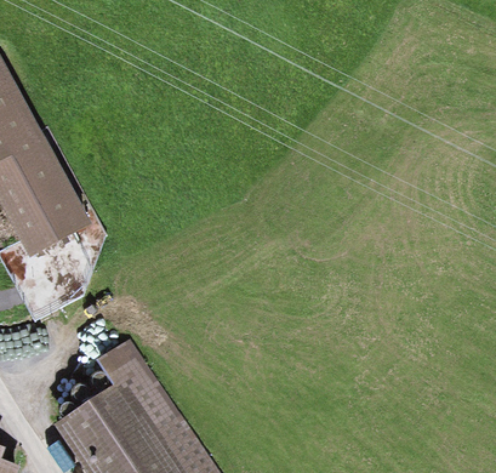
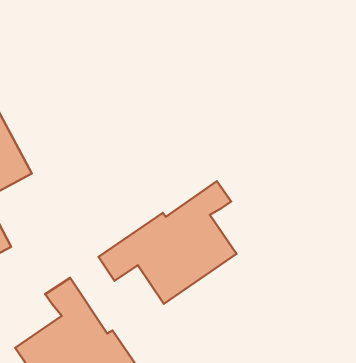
building: none -> [99,181,236,304]

